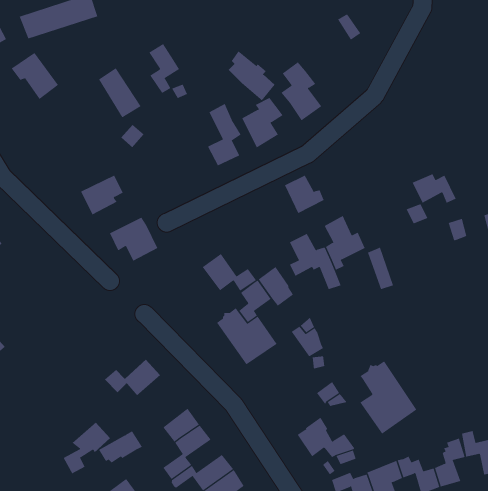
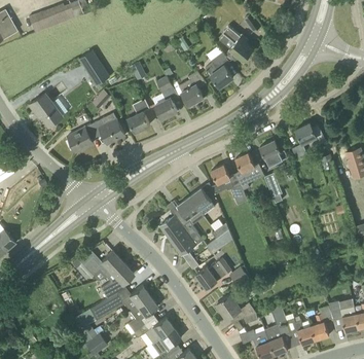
building: [149,43,180,94] -> none
building: [228,50,276,101] -> [220,26,253,61]
building: [11,52,59,100] -> [29,94,62,127]
building: none -> [128,99,149,132]
building: [284,175,325,214] -> [259,140,287,167]
building: [109,217,158,262] -> [90,113,124,144]
building: [202,253,257,291] -> none
building: [359,361,419,434] -> none
building: none -> [195,258,230,288]
building: [63,422,111,474] -> [100,262,133,298]

